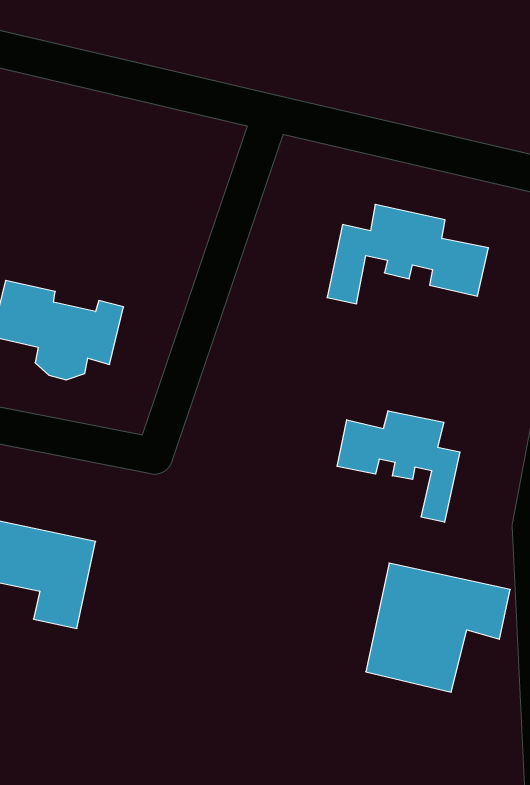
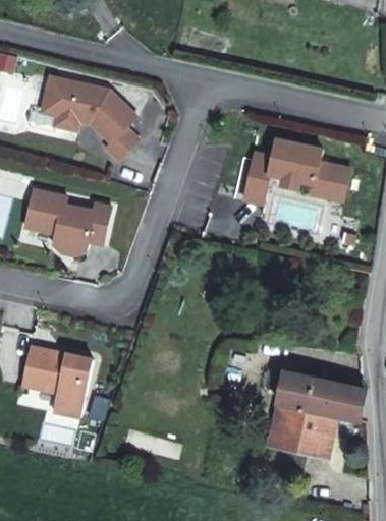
building: none -> [42,75,137,158]
building: [337,411,460,522] -> none

